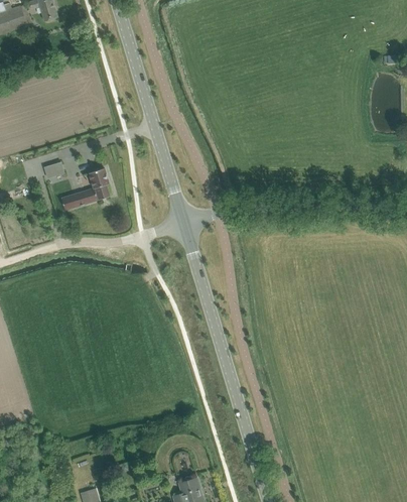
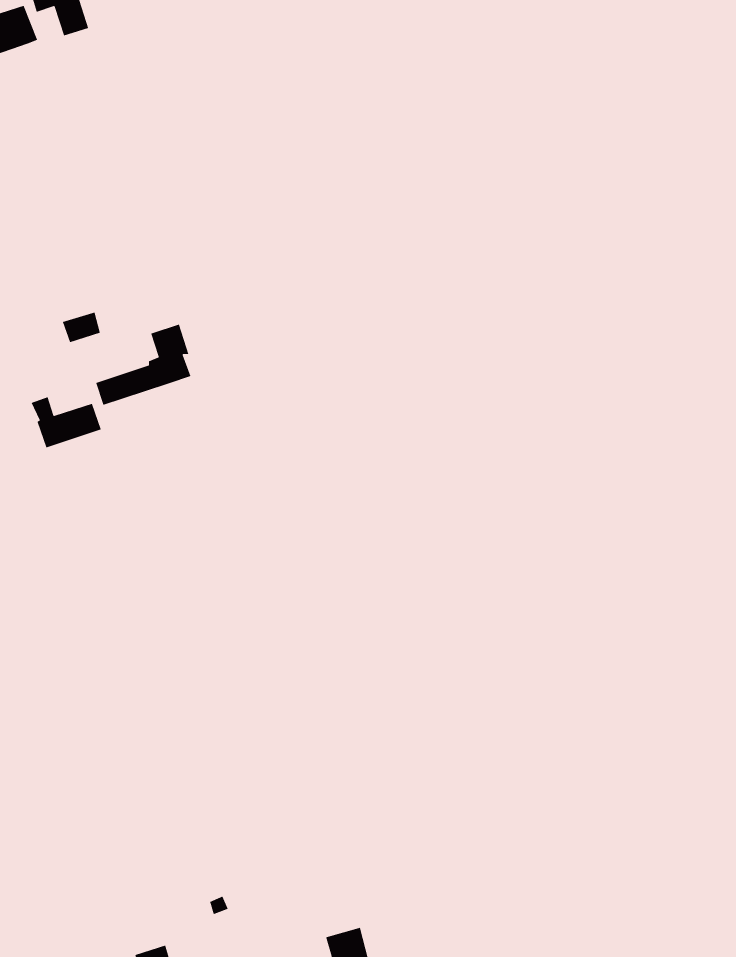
building: none -> [31,396,102,448]

